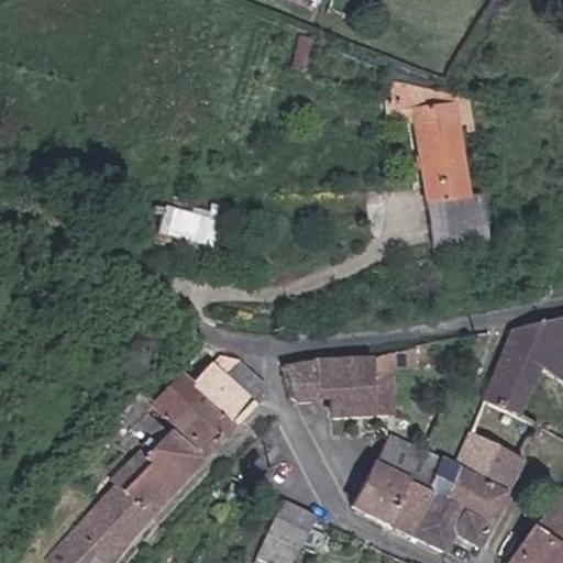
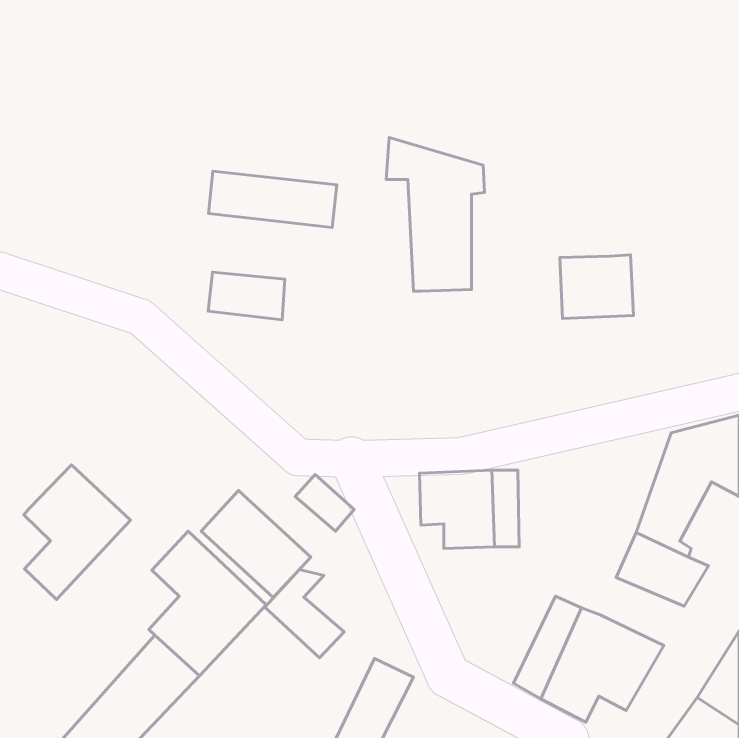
building: [399,80,474,197] -> [386,138,484,291]
building: none -> [209,171,337,227]
building: none -> [24,465,130,599]
building: [195,357,255,424] -> [265,570,344,658]
building: [290,361,320,400] -> none
building: [356,439,422,520] -> none
building: [456,440,520,492] -> none

